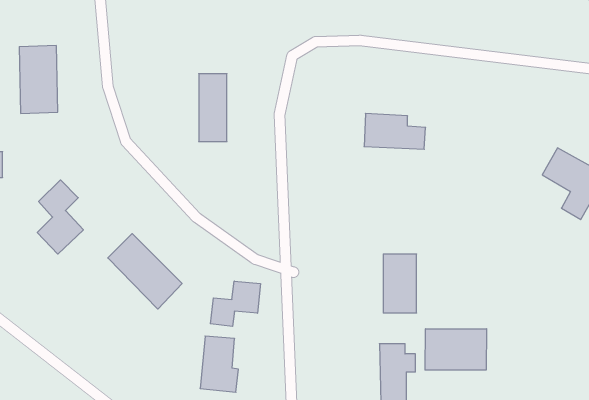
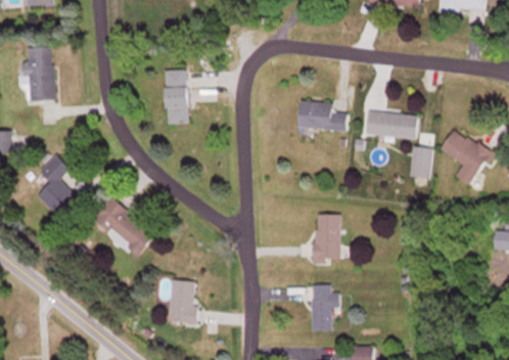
building: none -> [365,110,417,139]
building: none -> [409,146,432,179]
building: [210,281,260,326] -> none
building: [425,329,487,370] -> none

